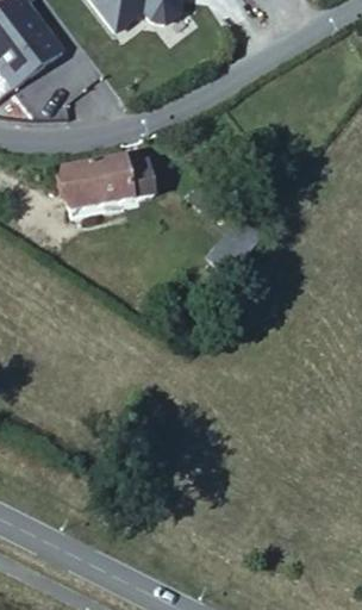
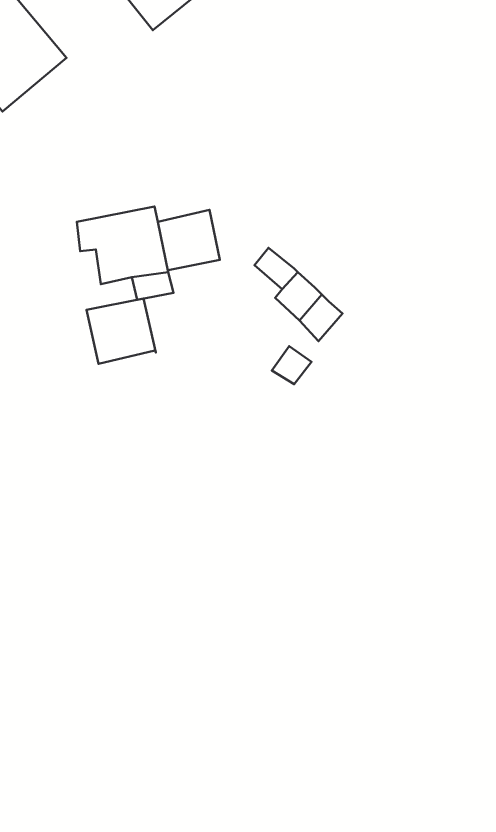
building: none -> [86,298,156,364]

